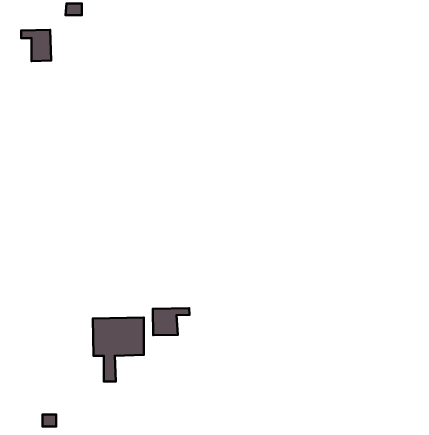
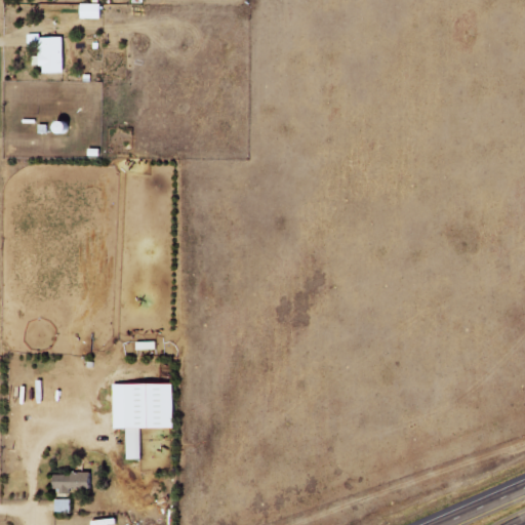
building: [153,308,189,335] -> none
building: none -> [52,473,88,491]

